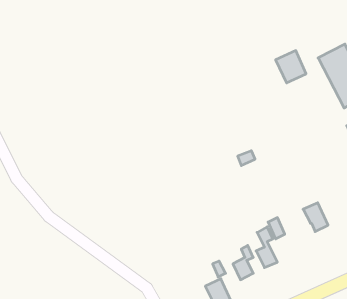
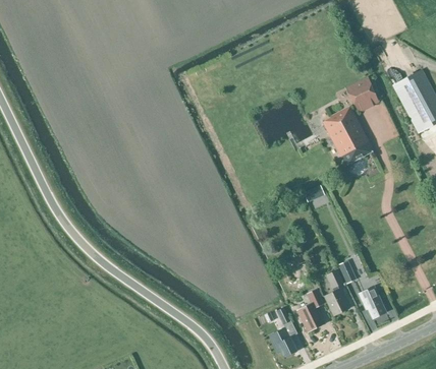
building: none -> [323,107,374,166]
building: [303,203,328,232] -> [359,288,386,319]

